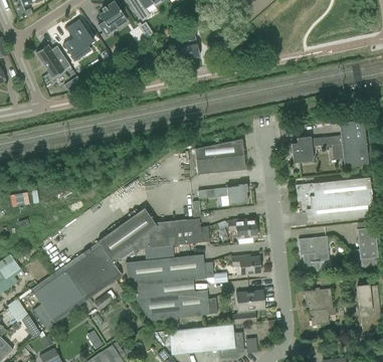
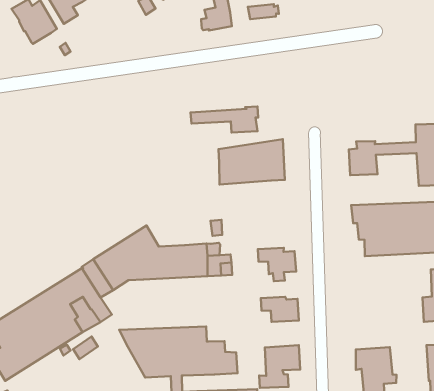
building: [198,184,248,204] -> [191,107,258,132]
building: [299,236,330,273] -> none
building: [126,254,228,287] -> none

